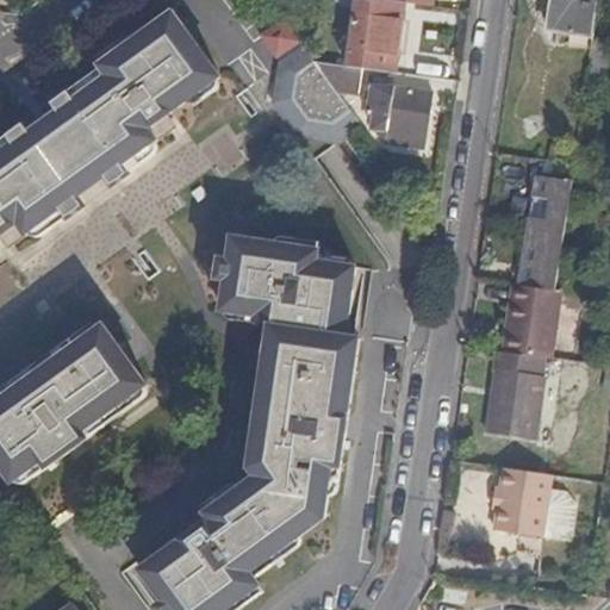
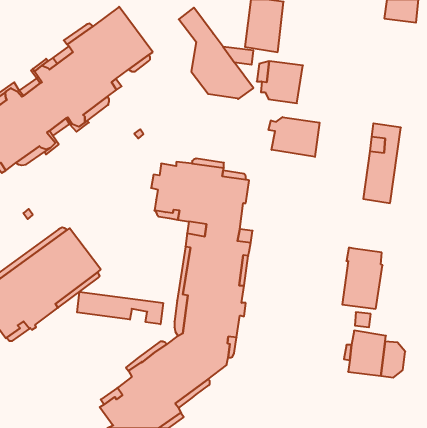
building: none -> [269,117,320,157]
building: [502,282,560,360] -> none
building: none -> [77,292,163,324]

